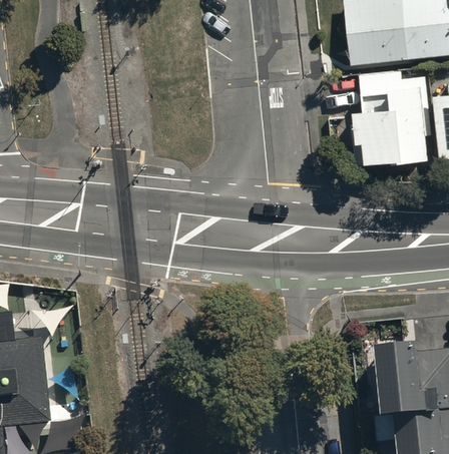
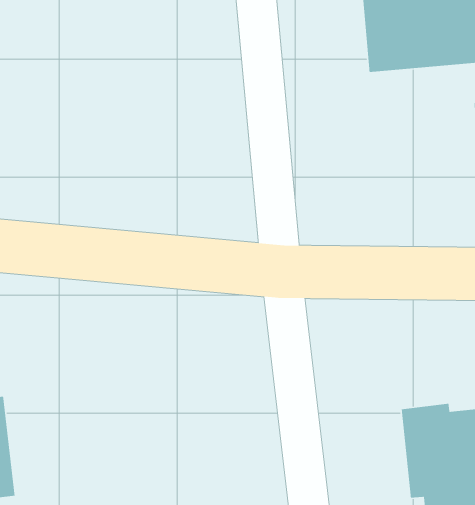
building: [352,75,424,160] -> none

